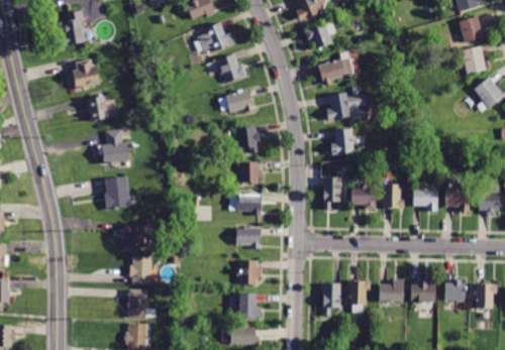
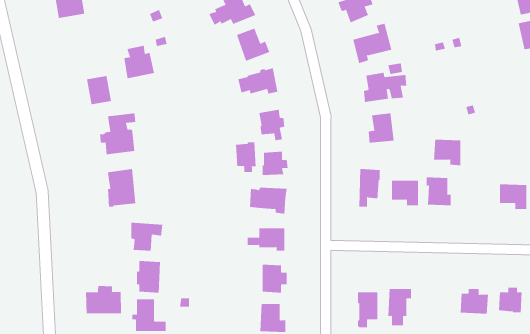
building: [73,60,100,89] -> [123,45,155,79]
building: none -> [236,142,256,173]
building: [413,189,437,212] -> [433,139,461,166]
building: none -> [86,285,122,314]
building: [379,279,404,302] -> none

